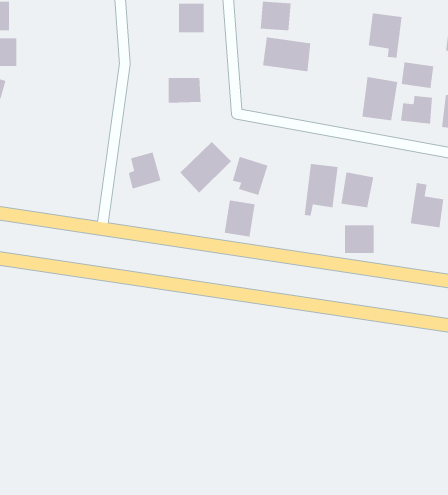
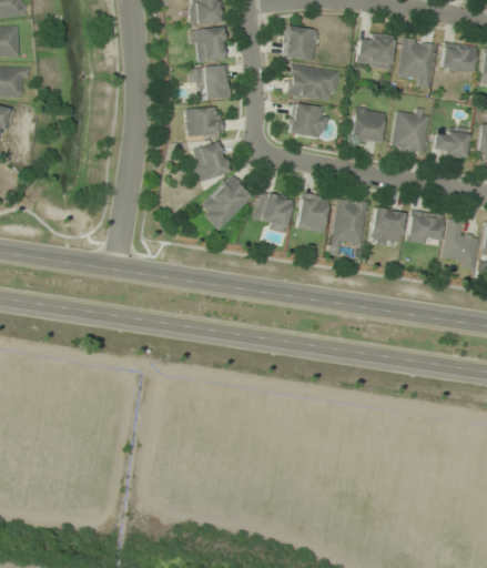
building: none -> [357,36,393,68]
building: none -> [197,65,231,99]
building: [401,62,434,89] -> [440,43,476,72]
building: none -> [291,104,328,138]
building: none -> [351,109,384,143]
building: [128,152,161,189] -> [193,142,229,182]
building: [224,200,255,237] -> [296,193,329,233]
building: [344,225,375,254] -> [409,213,442,244]

